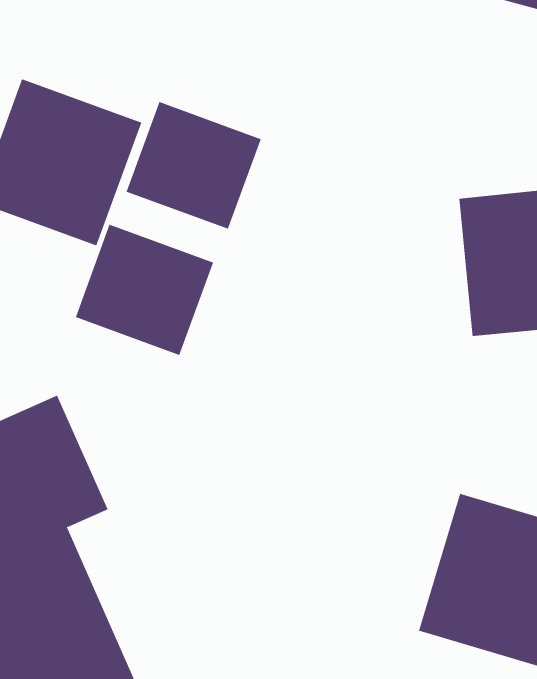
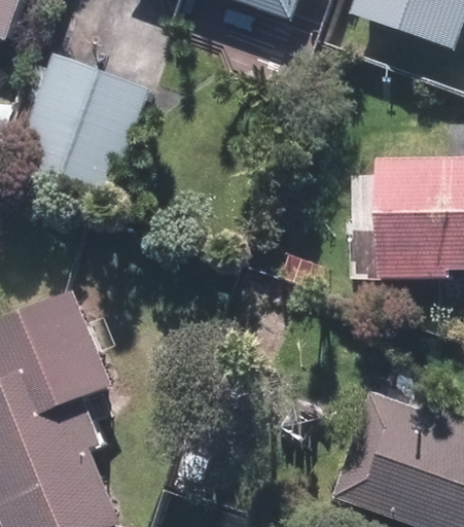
building: [126,101,262,230] -> none
building: [75,224,214,356] -> none

